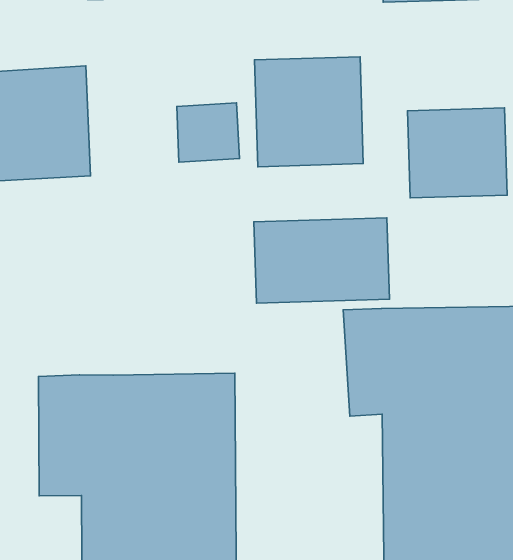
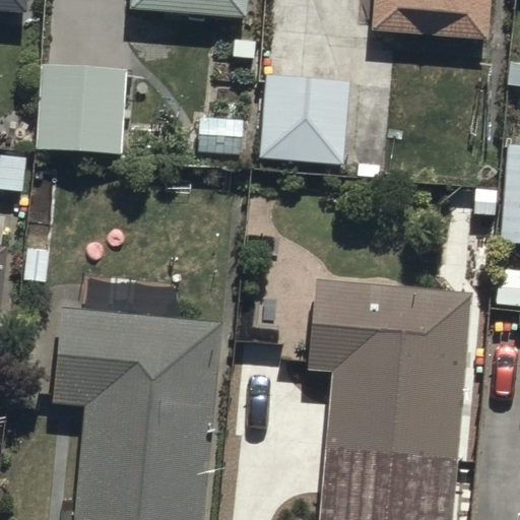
building: [408,108,507,198] -> none
building: [254,218,390,303] -> none

